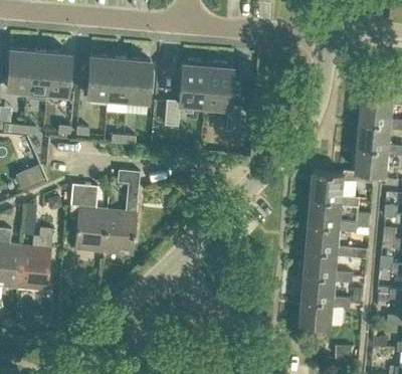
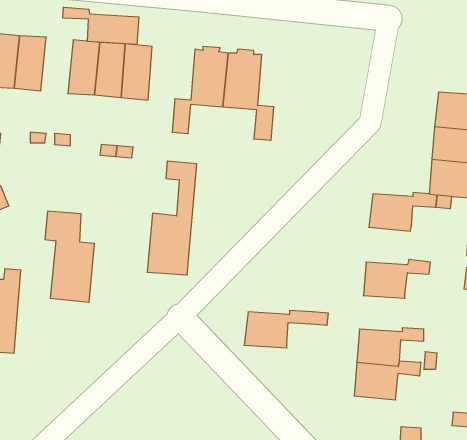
building: none -> [63,7,139,44]
building: [103,170,140,255] -> [147,161,197,275]
building: [311,196,361,225] -> none
building: [306,247,369,275] -> [244,310,328,348]

